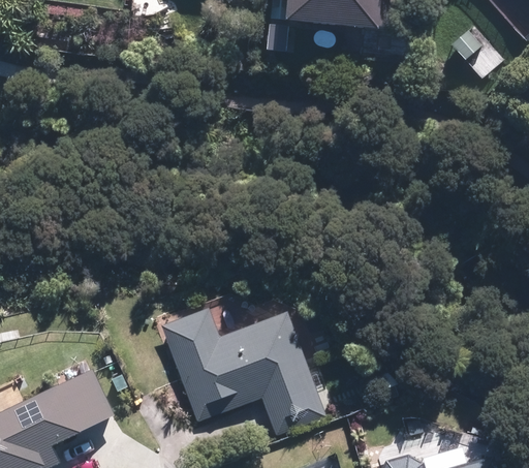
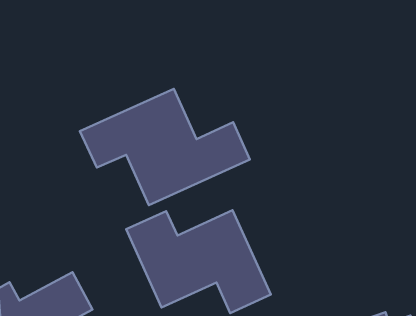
building: none -> [80,89,250,205]

